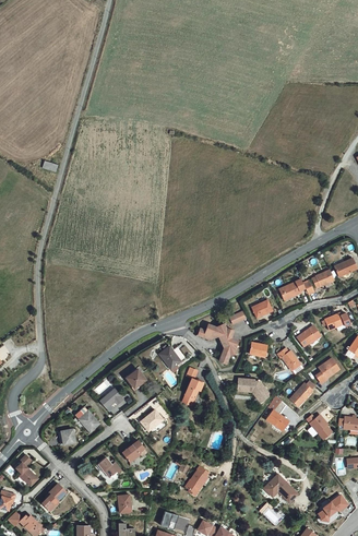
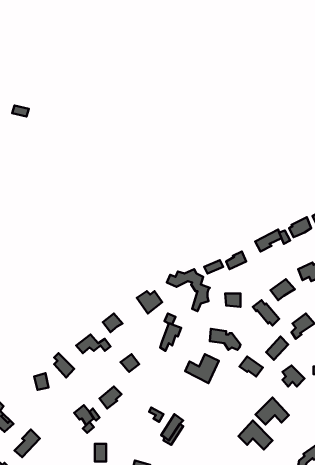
building: none -> [185,354,219,383]
building: none -> [256,397,289,424]

